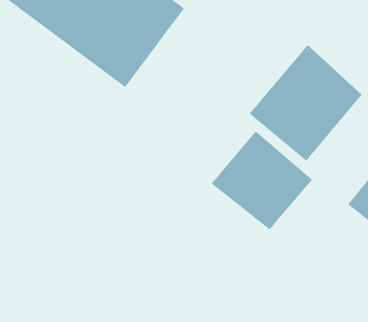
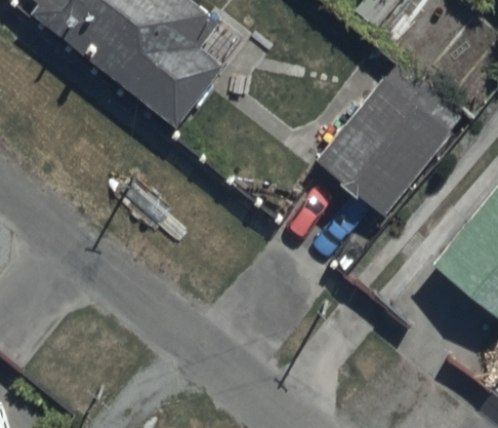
building: [211,131,313,230] -> none

